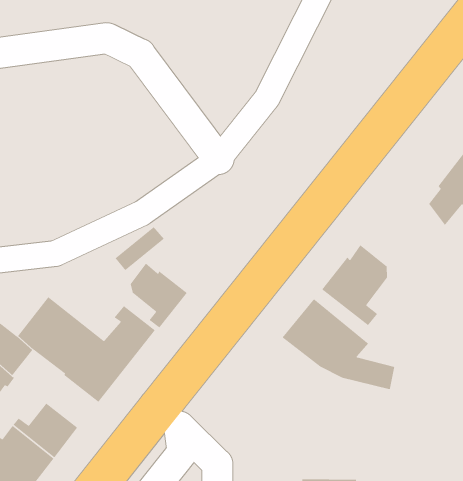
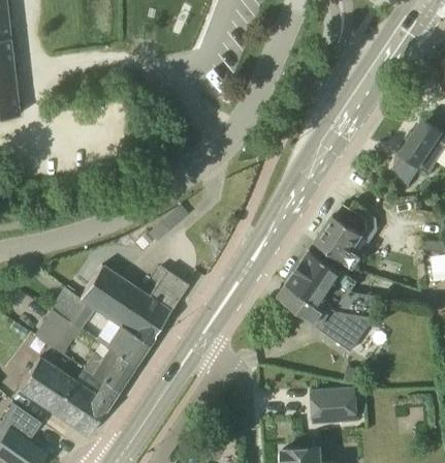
building: [130,263,188,329] -> none
building: none -> [278,283,375,349]
building: none -> [95,327,148,367]

